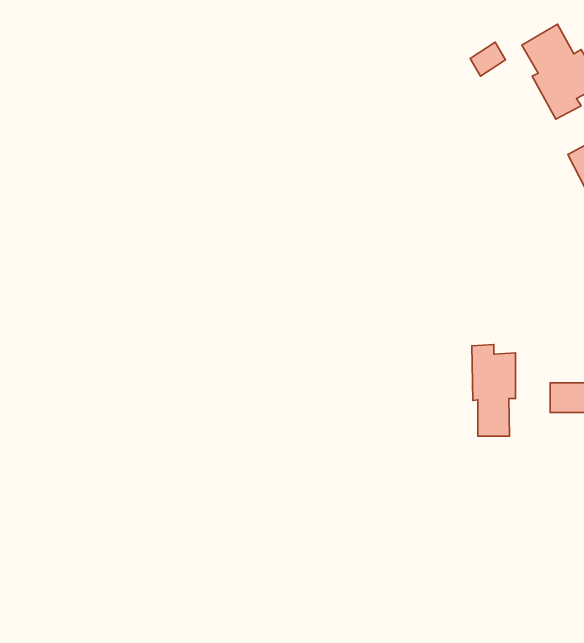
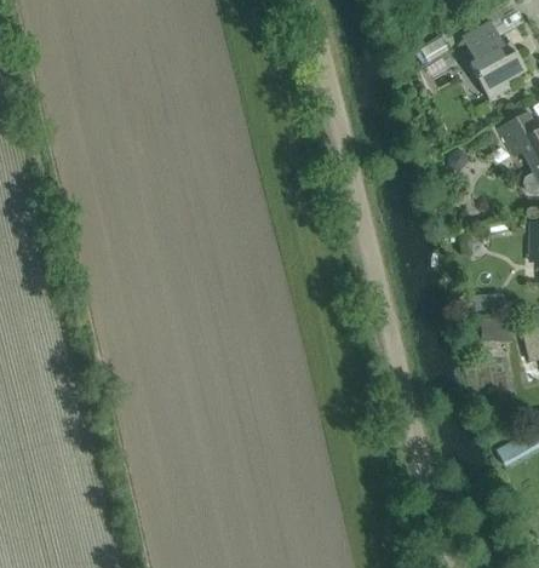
building: [472,345,516,436] -> none

